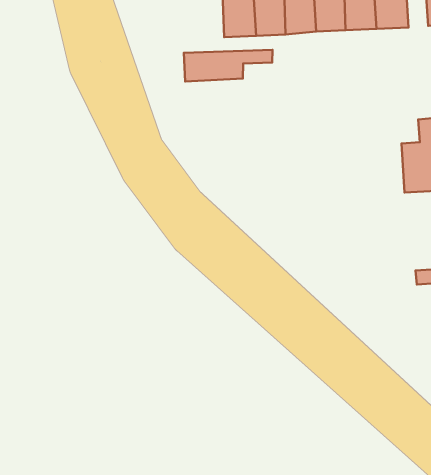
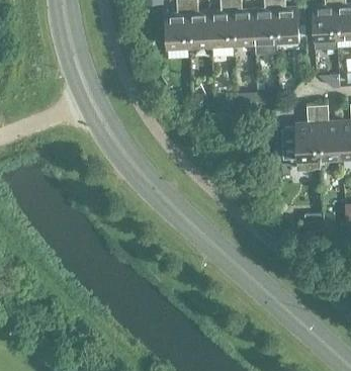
building: [184,50,273,81] -> none

